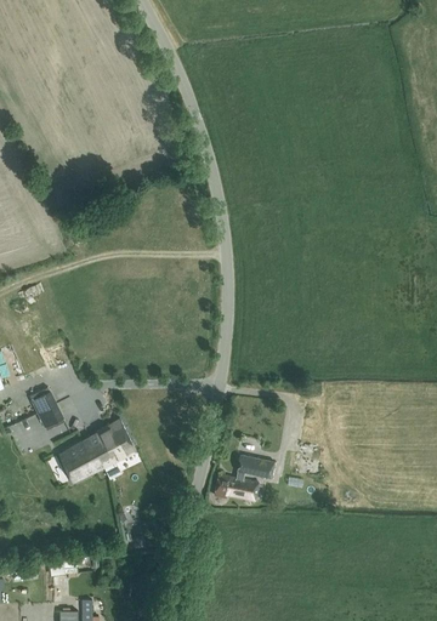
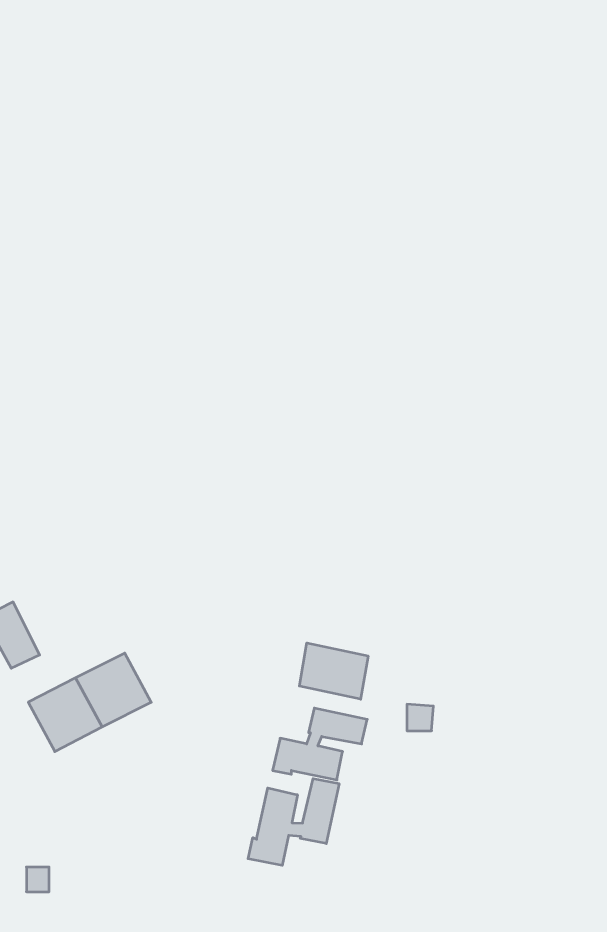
building: none -> [299,643,368,699]
building: none -> [248,779,339,865]

